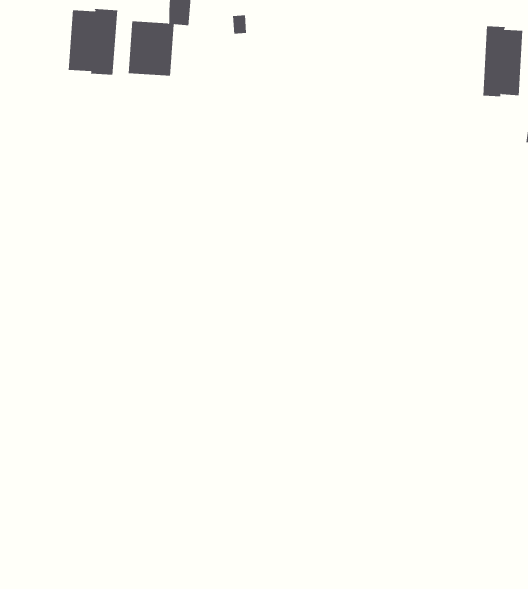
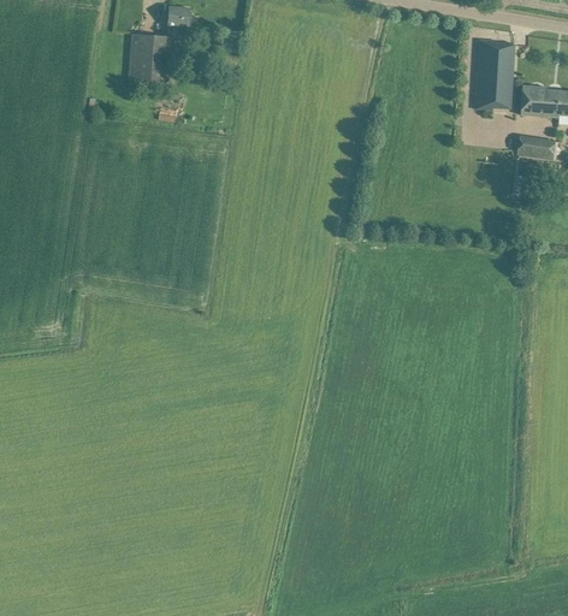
building: [68,8,118,75] -> none

